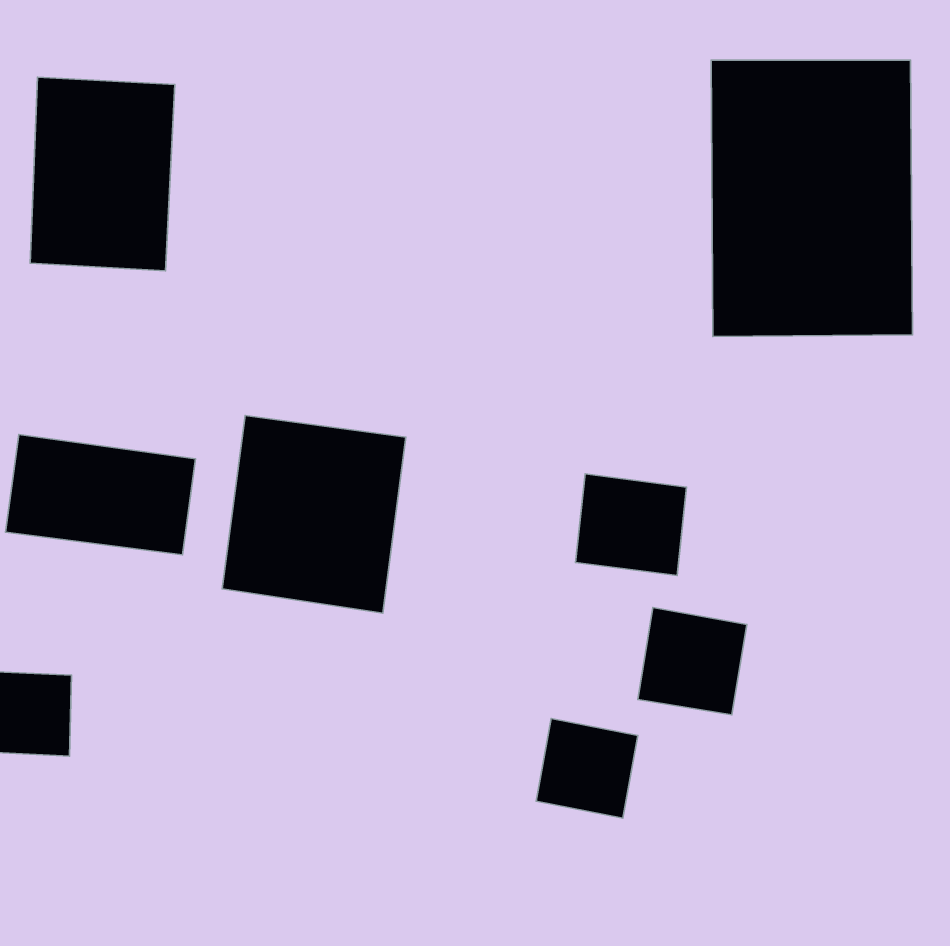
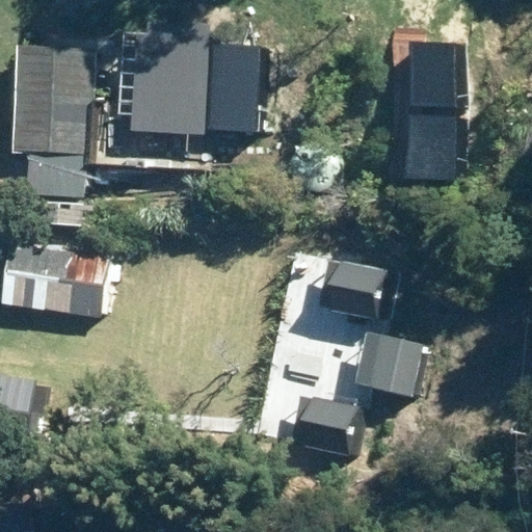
building: none -> [121,33,249,139]
building: [222,416,406,613] -> none

